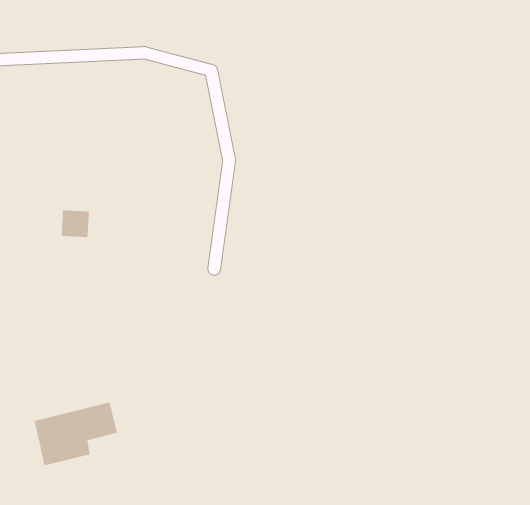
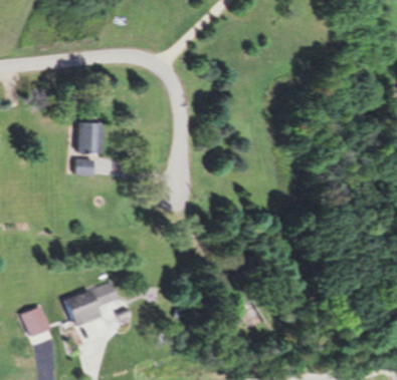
building: none -> [80,121,106,152]

